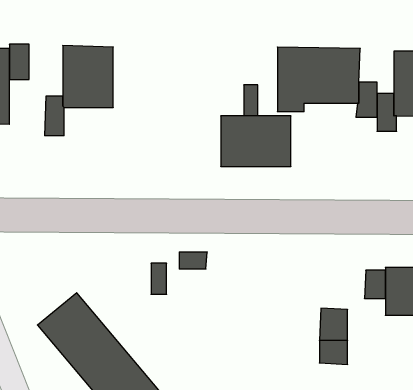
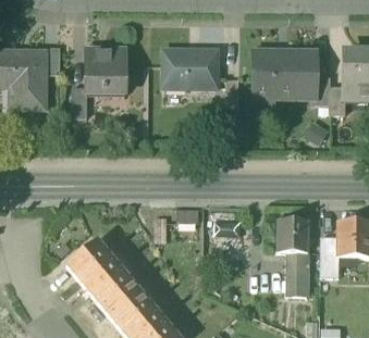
building: [221,116,291,166] -> [163,49,218,88]
building: none -> [276,218,308,252]

